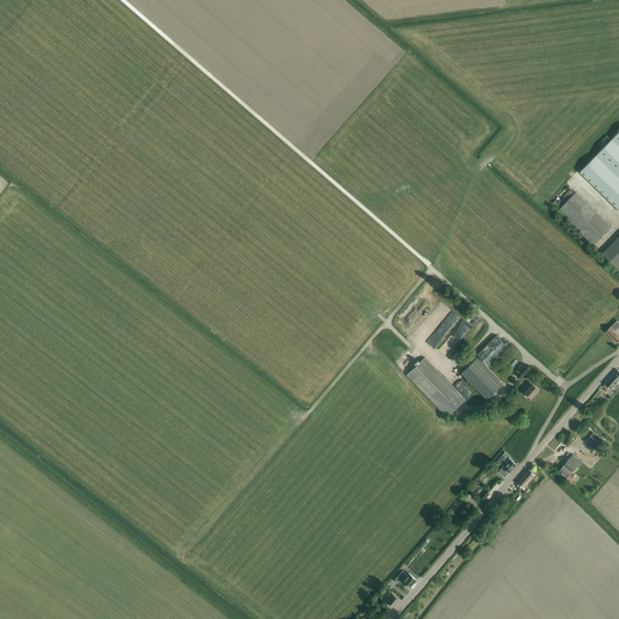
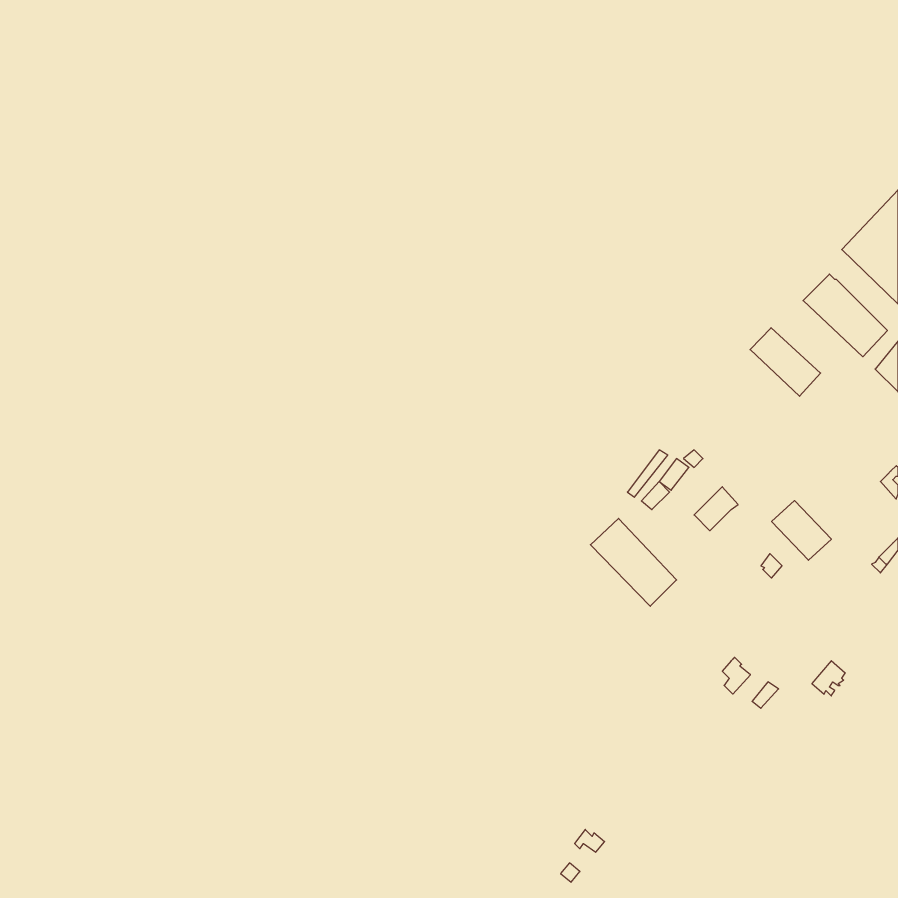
building: none -> [750,328,821,396]
building: [462,358,503,399] -> [772,501,831,560]

